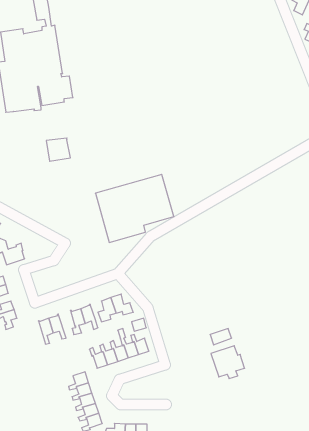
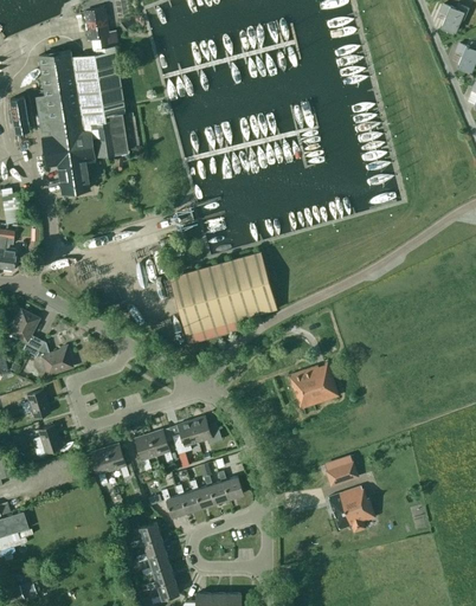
building: [46,138,70,161] -> [57,161,90,193]
building: none -> [289,362,339,408]

